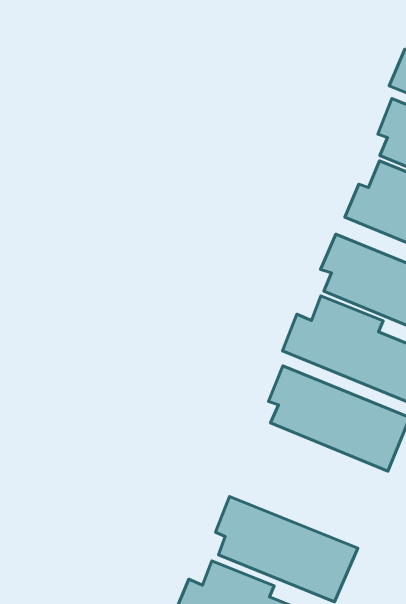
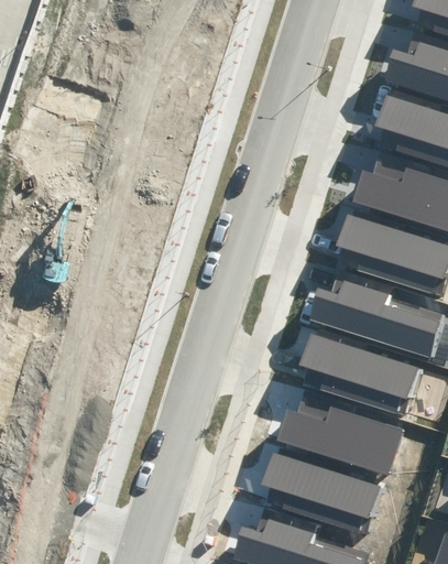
building: none -> [277,388,402,476]

